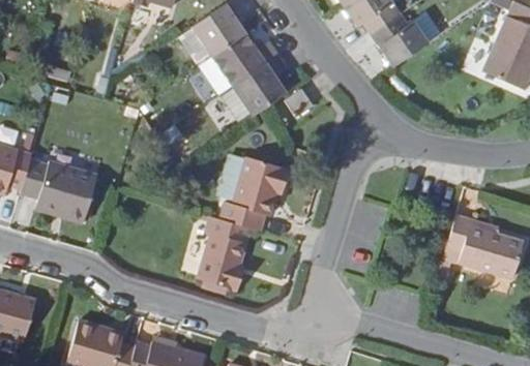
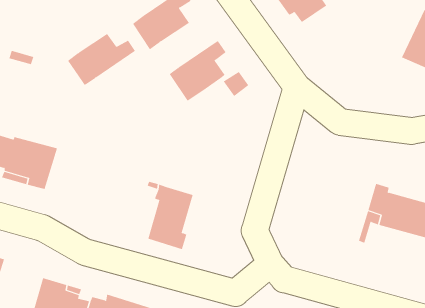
building: [373,14,430,67] -> none
building: [201,34,278,94] -> [67,33,136,86]
building: [220,157,289,232] -> none

